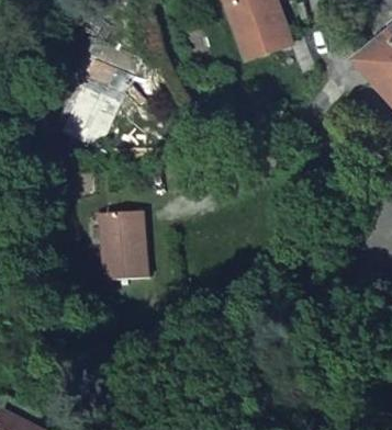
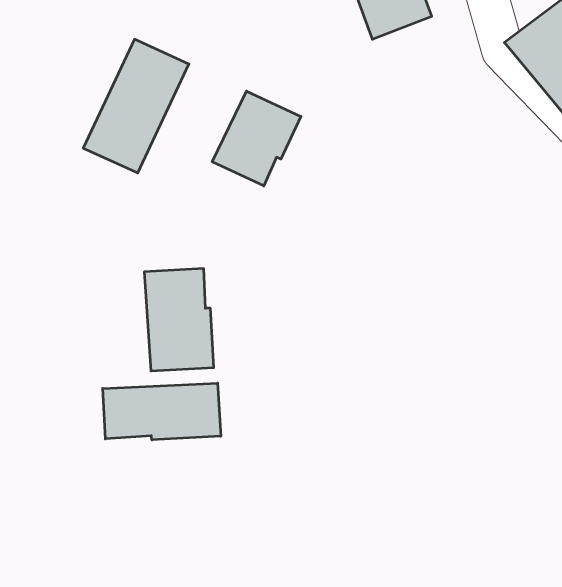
building: none -> [212,91,301,186]
building: none -> [103,383,221,440]

